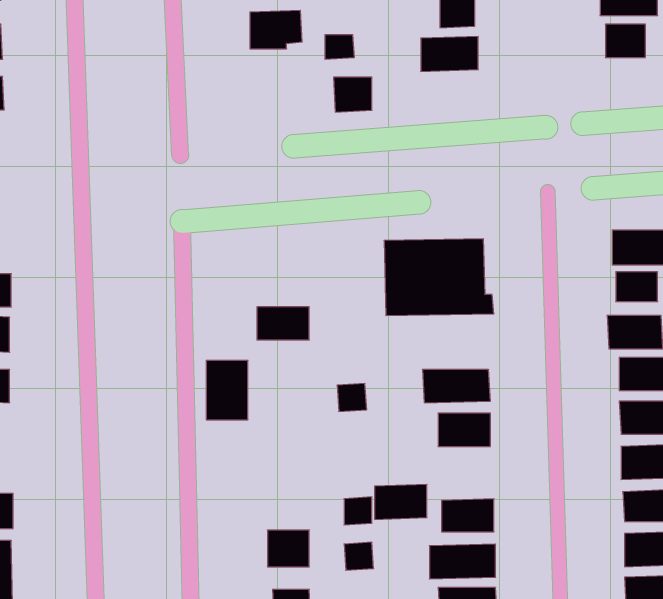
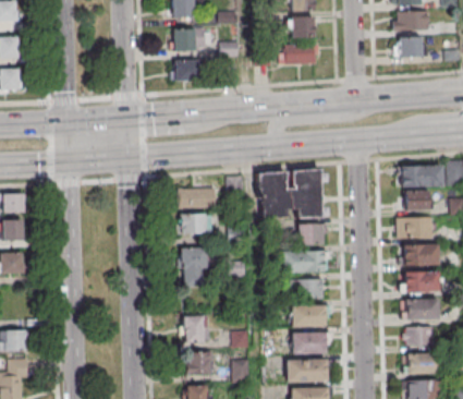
building: [334,77,372,112] -> [174,60,198,82]
building: none -> [178,188,215,207]
building: none -> [296,222,322,244]
building: [206,360,248,420] -> [180,247,206,285]
building: none -> [182,315,208,341]
building: [375,484,427,519] -> [292,305,325,327]

